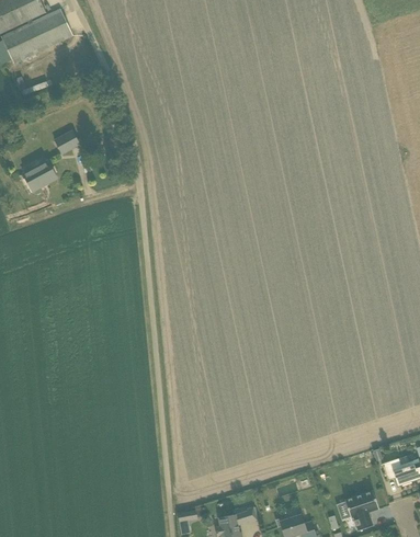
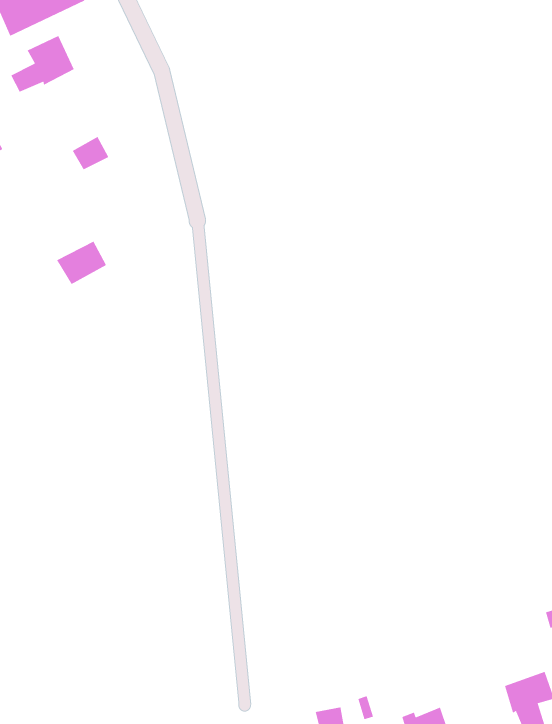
building: none -> [10,35,75,92]
building: [23,161,57,191] -> [56,241,107,285]

